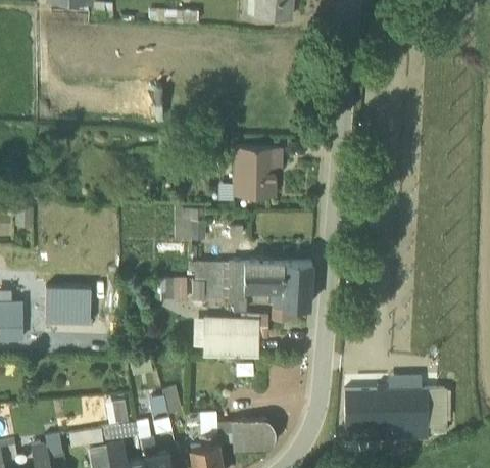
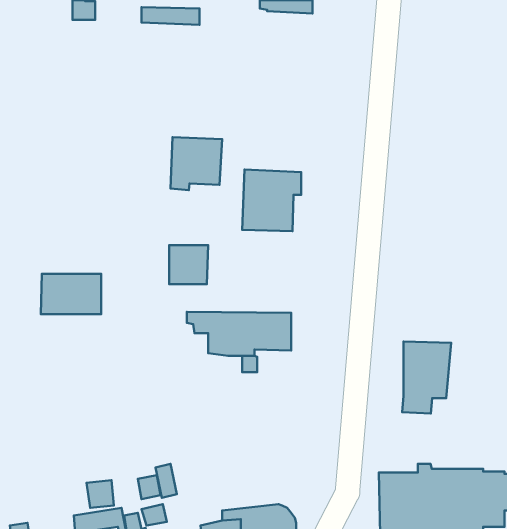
building: none -> [170,137,222,190]
building: [273,263,312,321] -> [402,342,451,413]
building: [155,277,186,301] -> none
building: [45,291,94,324] -> [41,274,101,314]
building: [194,313,268,356] -> none

